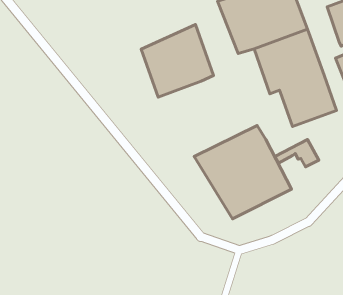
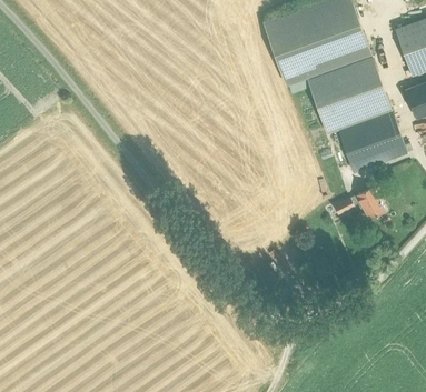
building: [141,24,213,97] -> none
building: [194,126,291,219] -> none

